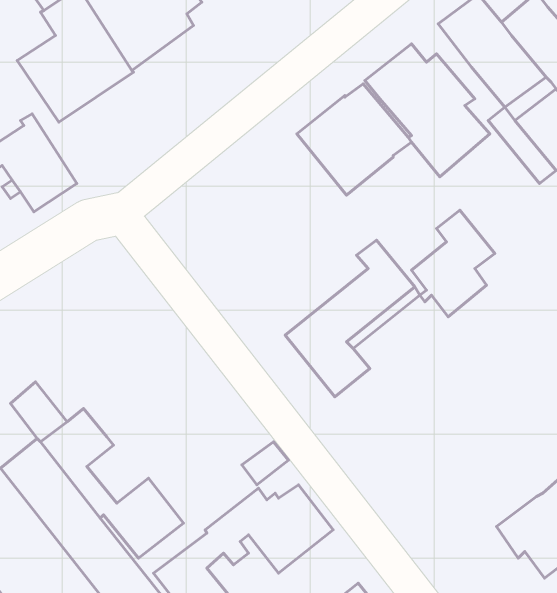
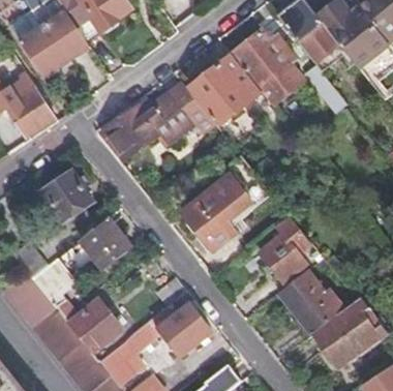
building: none -> [101,82,216,161]
building: [412,210,495,317] -> [262,215,313,281]
building: none -> [44,170,96,220]
building: none -> [58,217,132,274]
building: none -> [279,272,343,333]

